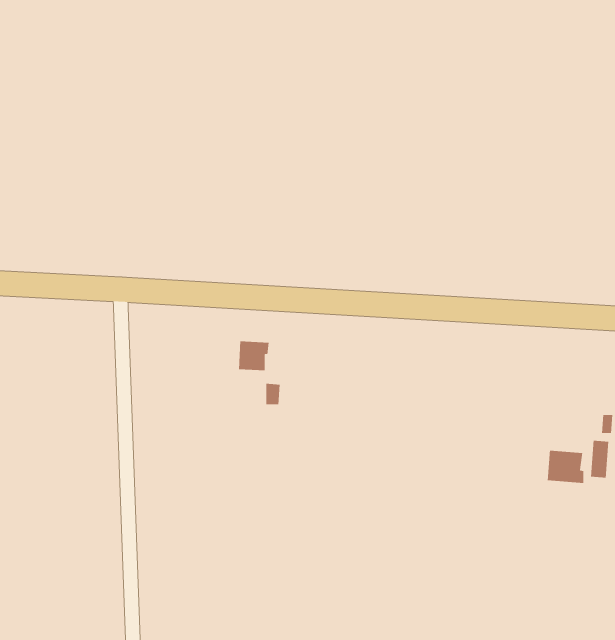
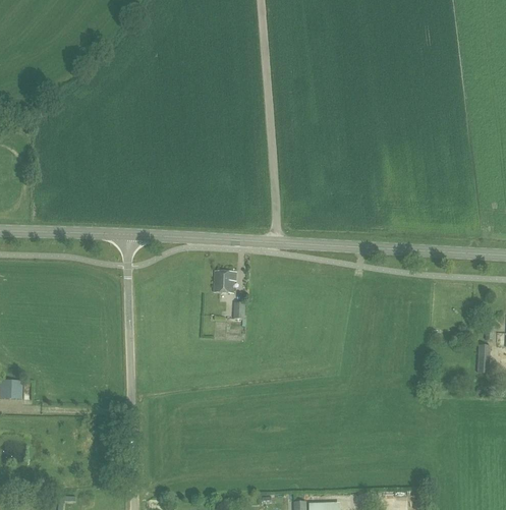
building: [547,450,584,484] -> none

